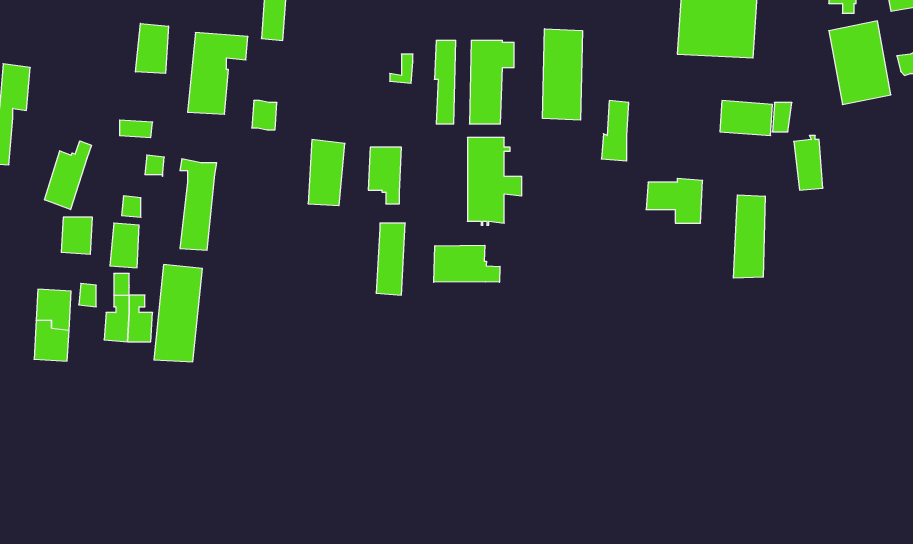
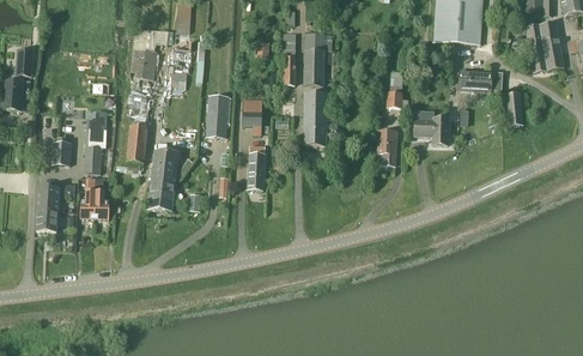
building: [136,23,168,73] -> none
building: [543,29,582,120] -> none
building: [45,141,91,210] -> none
building: [734,195,765,278] -> none
building: none -> [377,128,397,164]
building: [434,245,500,282] -> none
building: [154,265,202,362] -> [148,150,178,210]

